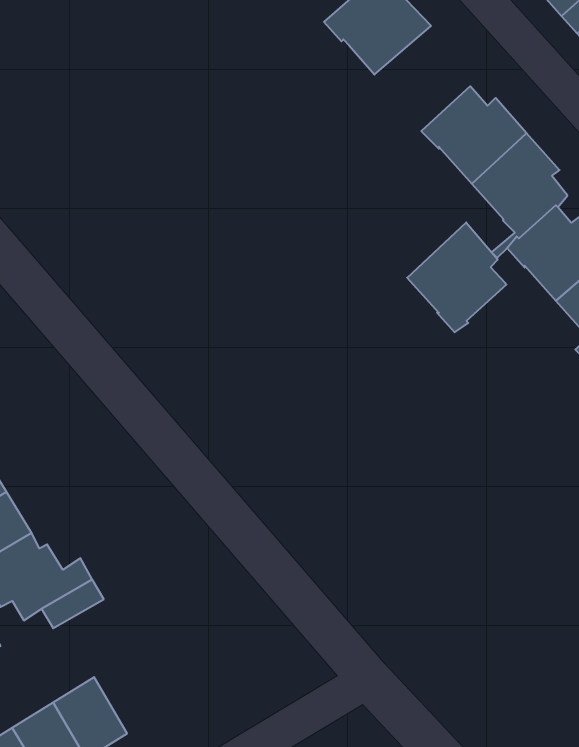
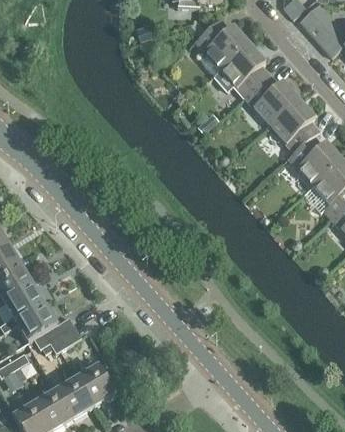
building: none -> [214,43,269,97]
building: [407,222,506,332] -> none
building: none -> [76,364,115,406]

